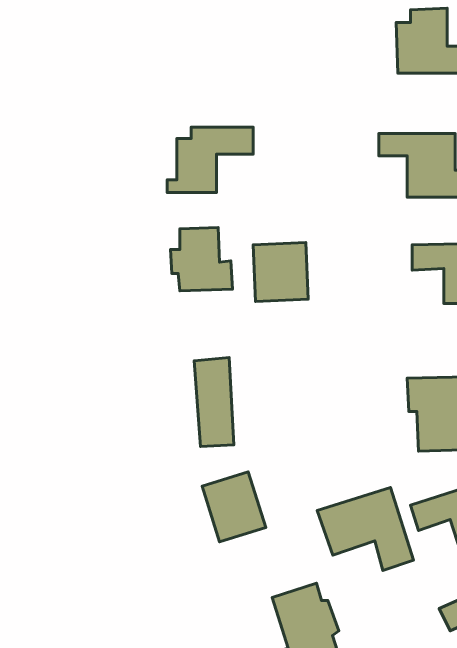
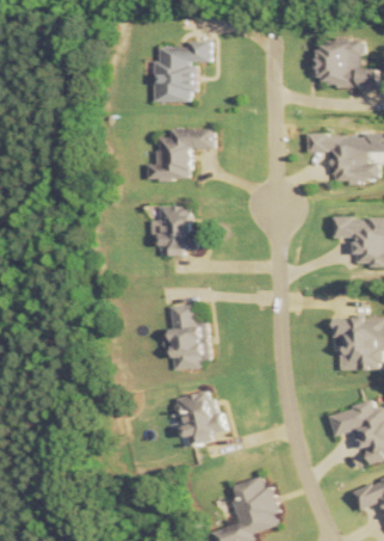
building: none -> [154,42,210,104]
building: [253,242,308,301] -> none
building: [317,487,414,570] -> none

